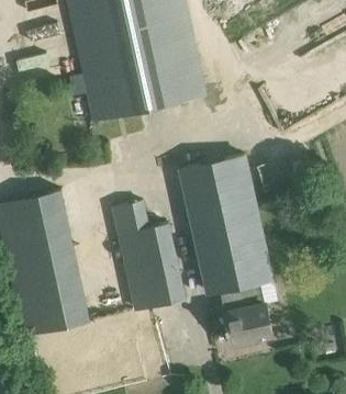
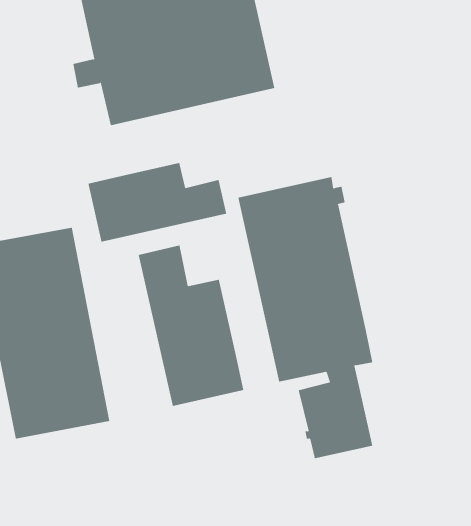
building: none -> [88,162,227,242]

